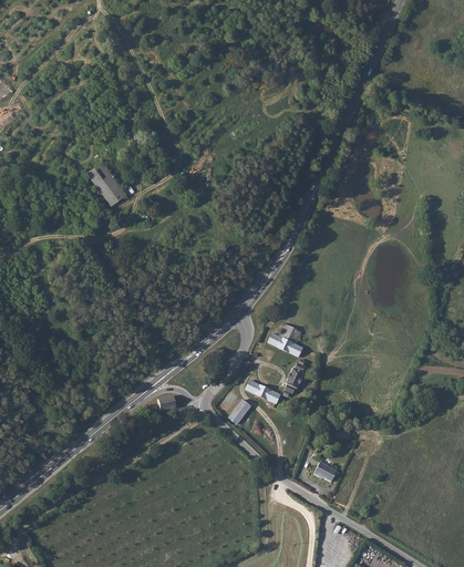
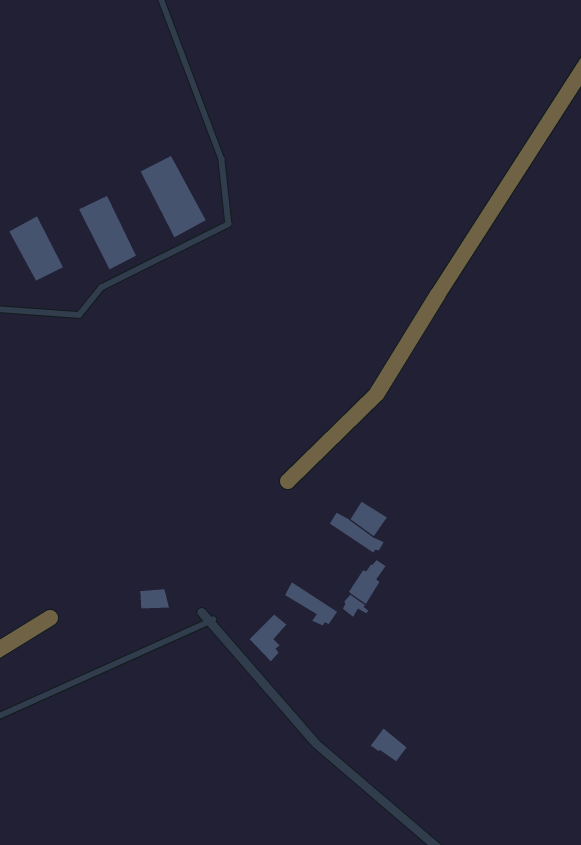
building: none -> [140,155,207,238]
building: none -> [8,216,64,282]

